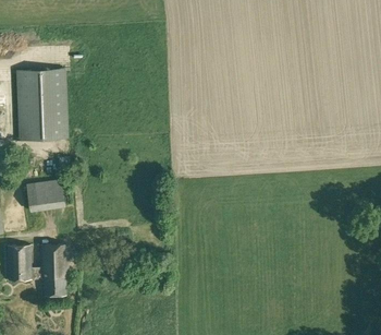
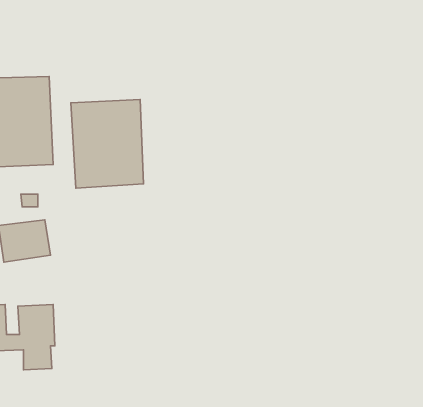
building: none -> [71,100,144,188]

